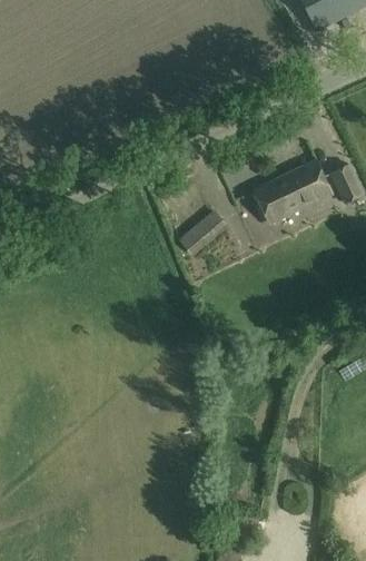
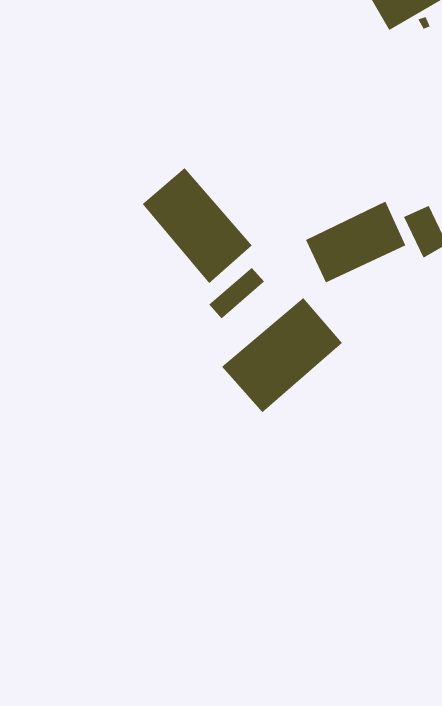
building: none -> [142,167,252,284]
building: none -> [221,297,343,413]

